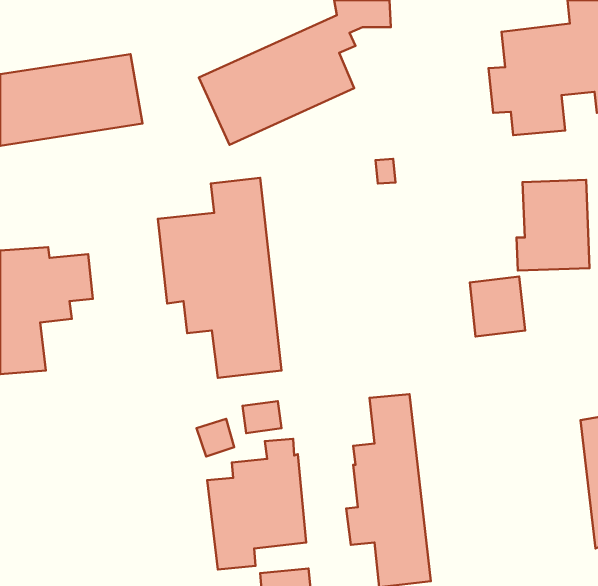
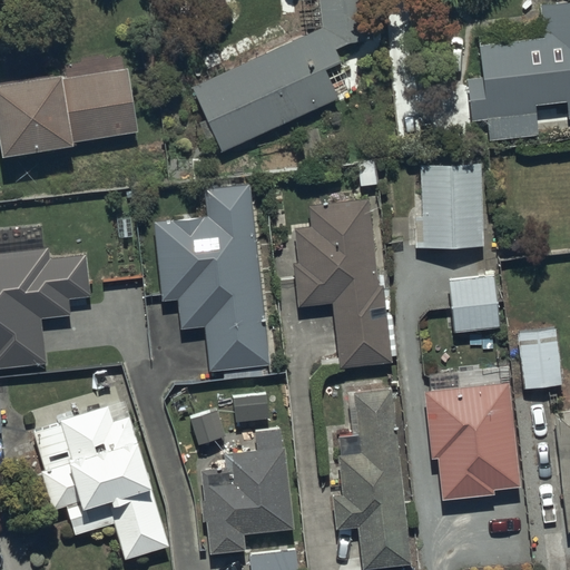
building: [517,180,590,270] -> [414,164,483,249]
building: none -> [293,199,392,370]
building: none -> [518,331,562,391]
building: none -> [423,380,519,499]
building: none -> [32,404,169,560]

